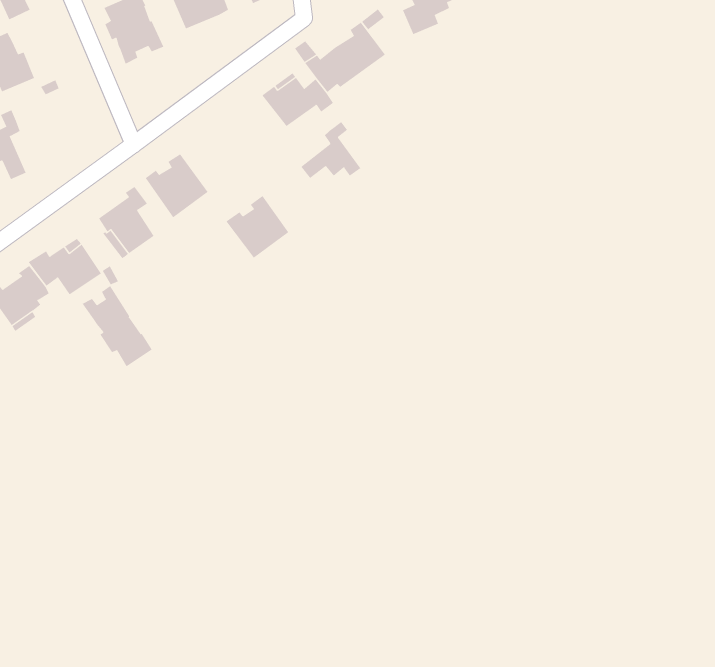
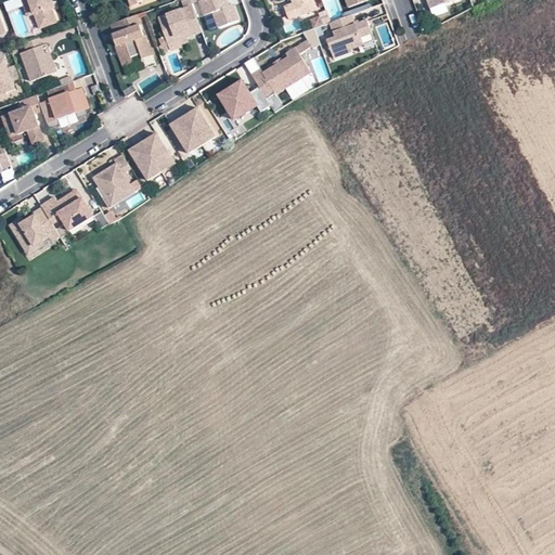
building: none -> [39,85,88,127]
building: [301,121,361,179] -> none
building: [226,195,289,258] -> [169,106,215,152]
building: [82,285,152,367] -> none

